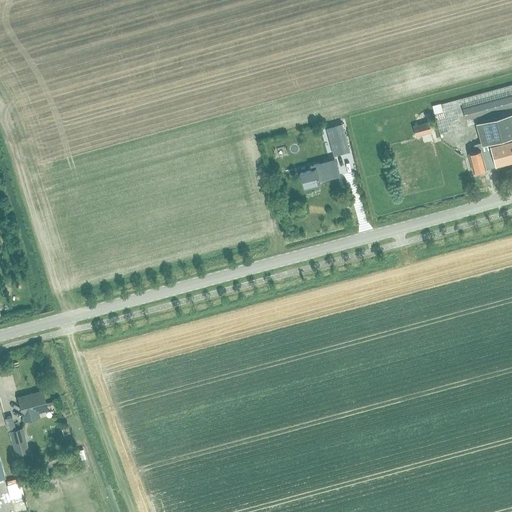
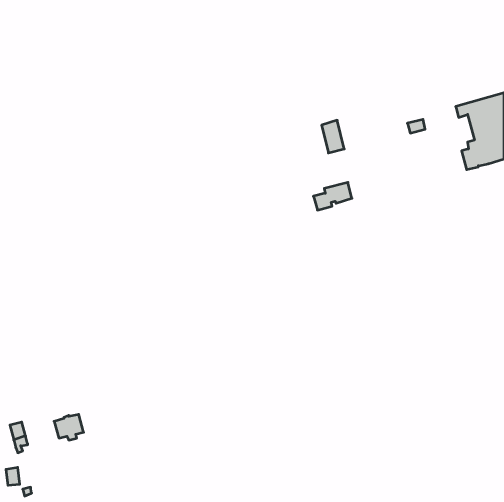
building: [300,160,339,188] -> [313,182,352,210]
building: [18,392,48,418] -> [54,414,84,440]

